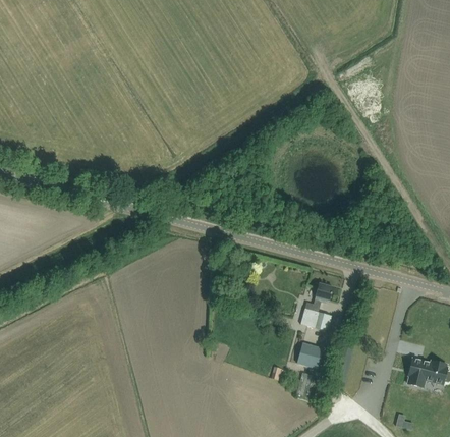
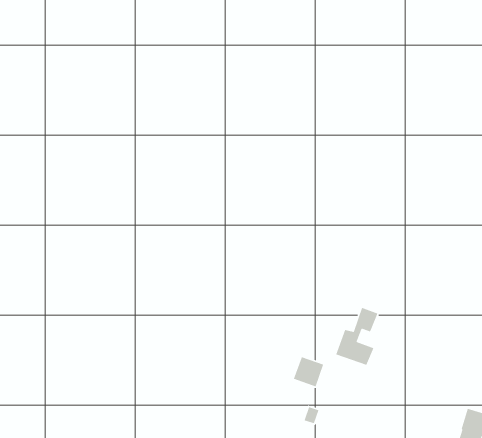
building: [297,343,322,368] -> [293,356,324,387]

